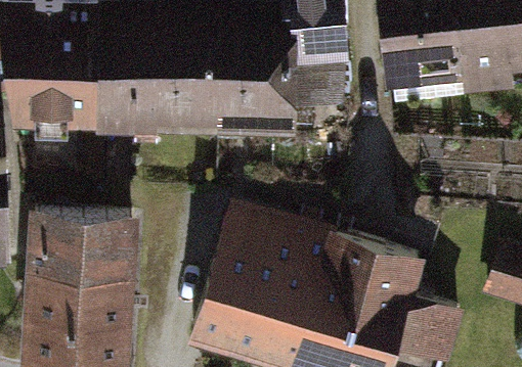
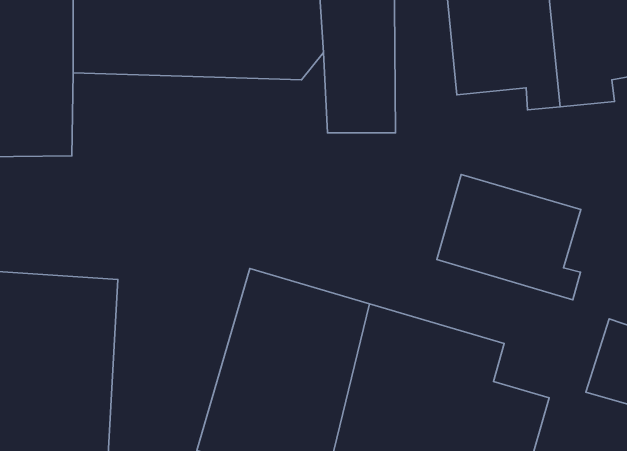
building: [102,46,295,124] -> none
building: none -> [437,175,581,300]

